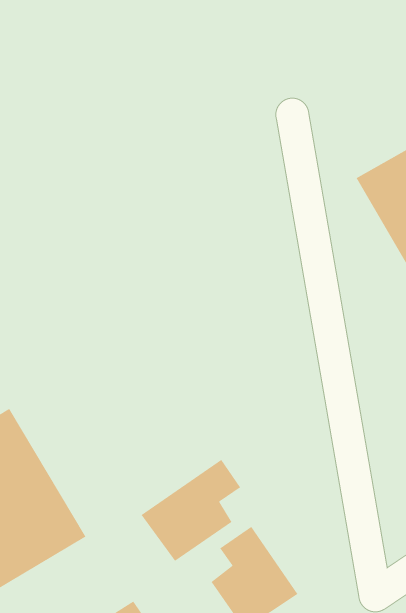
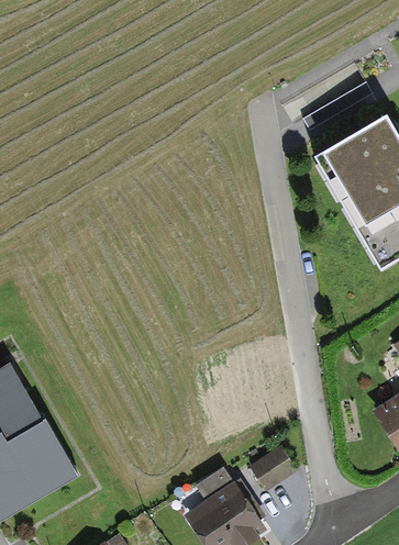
building: [140,459,241,562] -> none
building: none -> [252,443,299,488]

